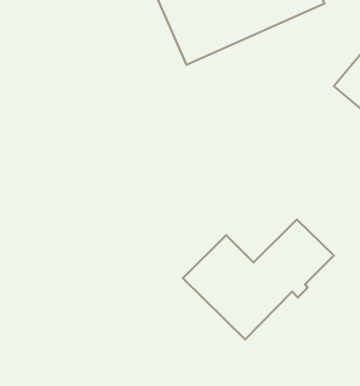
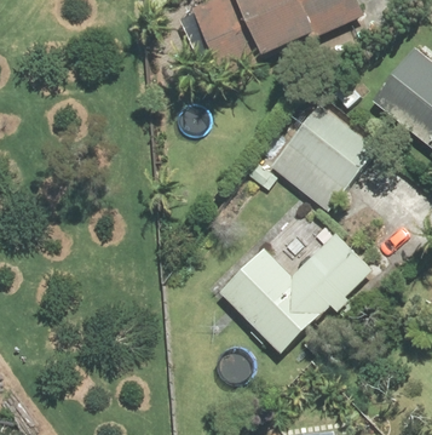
building: none -> [269,103,376,211]

